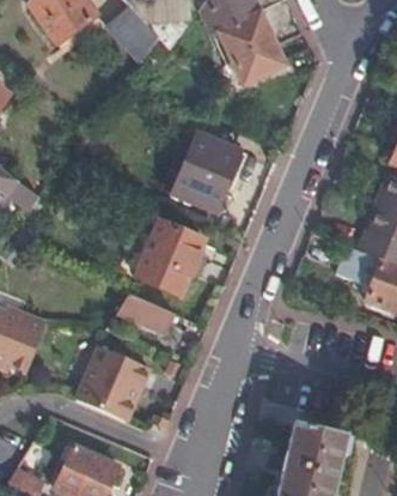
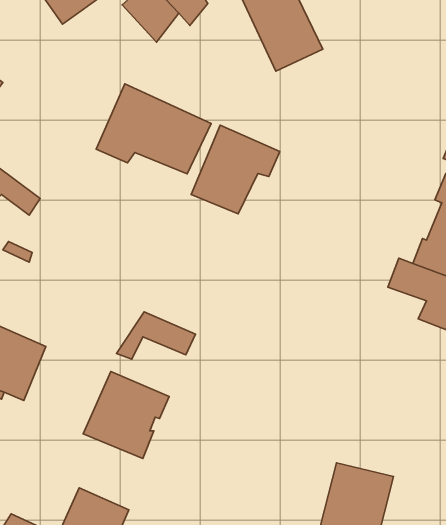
building: none -> [96,84,211,174]
building: [134,222,203,295] -> none

